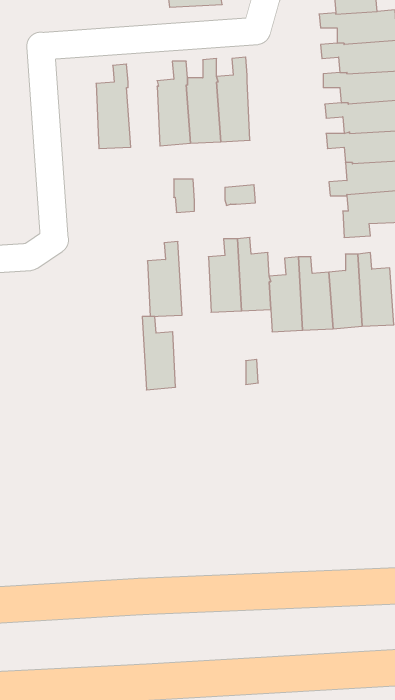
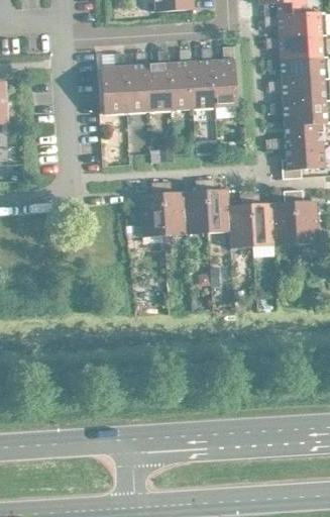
building: none -> [212,46,236,108]
building: none -> [124,51,148,113]
building: [142,316,176,390] -> [161,182,186,235]

